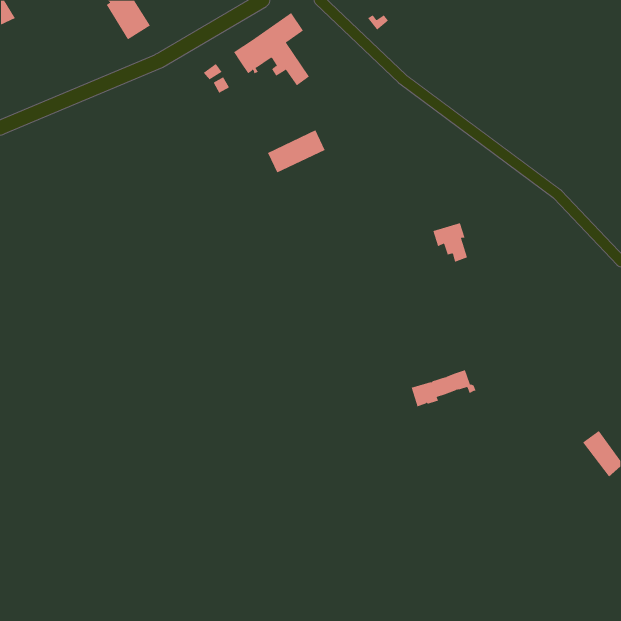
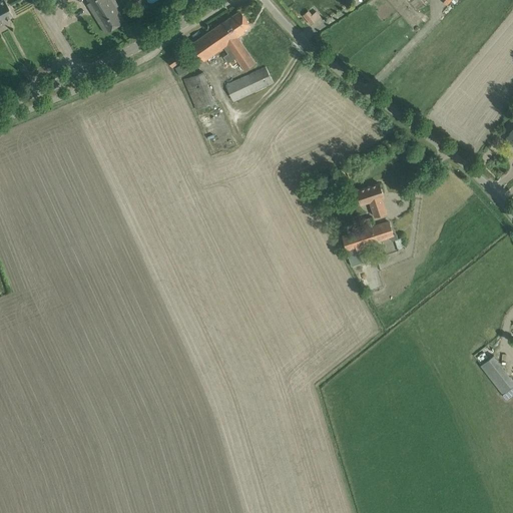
building: none -> [184,72,209,97]
building: [267,130,326,173] -> [225,66,274,102]
building: [411,369,477,407] -> [344,221,398,252]

